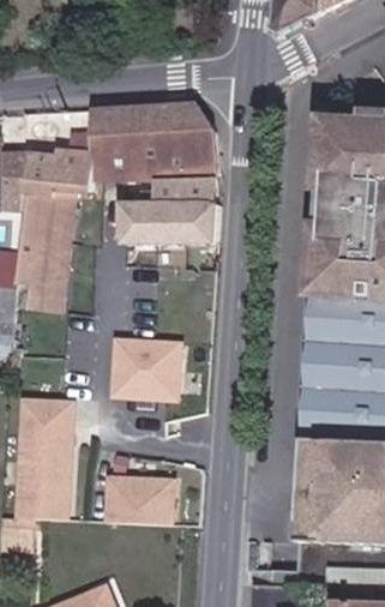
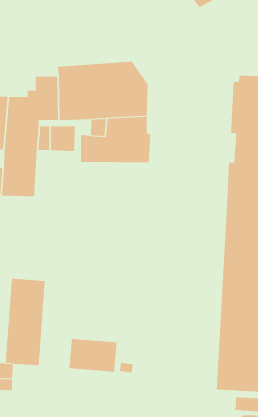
building: [112,330,186,397] -> none

